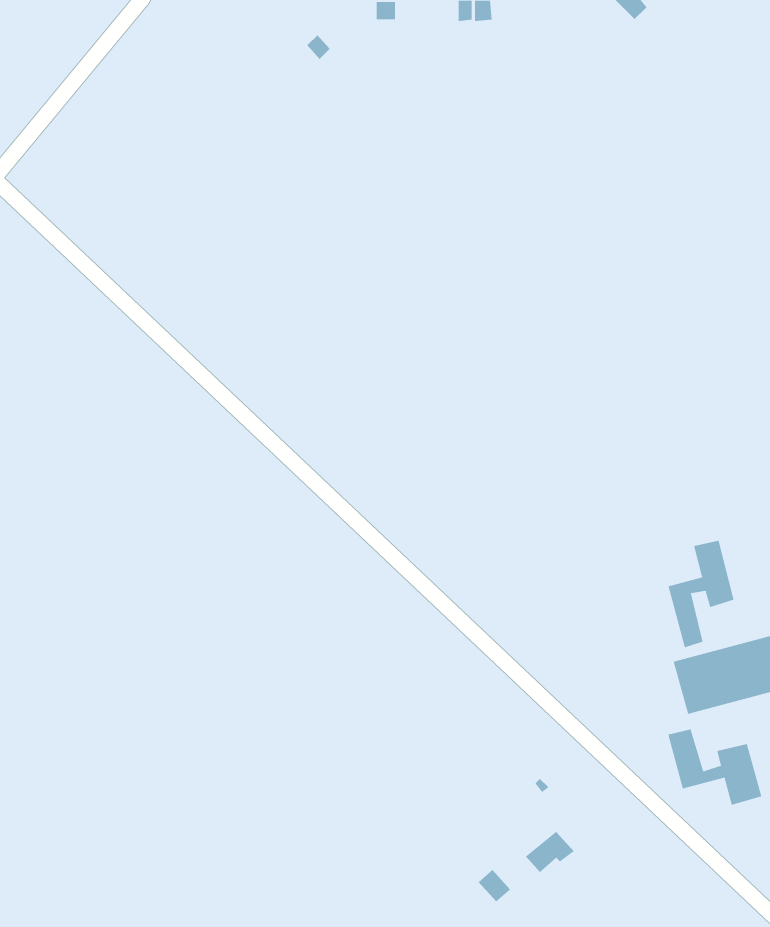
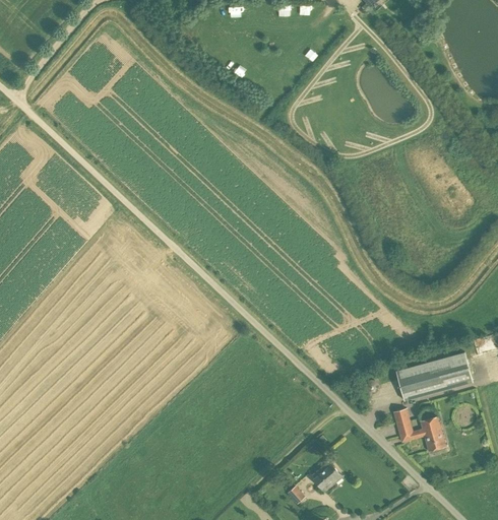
building: [668,540,734,648] -> none

